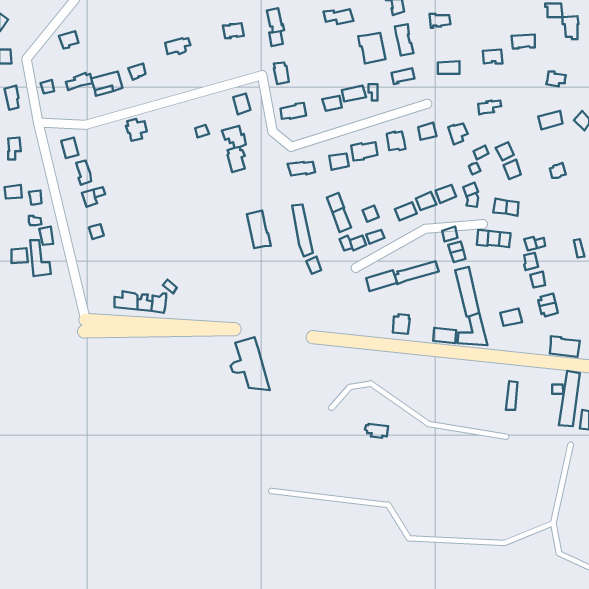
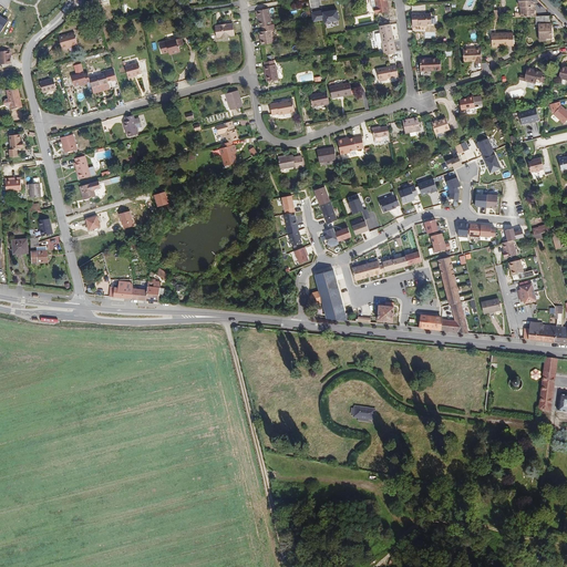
building: [358,33,385,64] -> none
building: [247,211,271,248] -> none
building: [230,337,270,390] -> [309,269,347,320]

